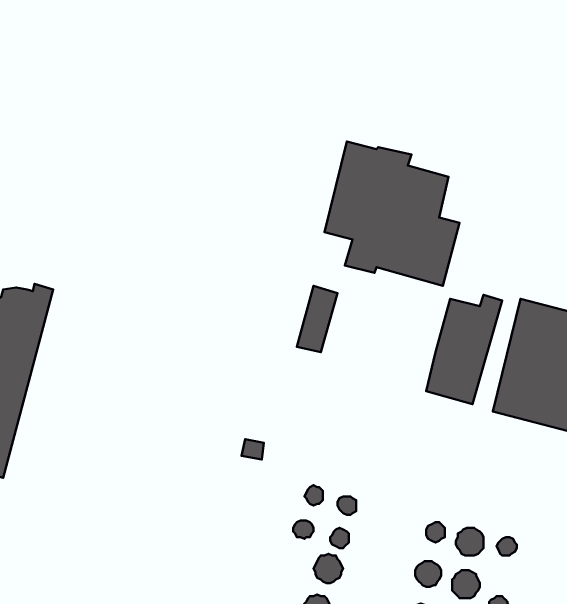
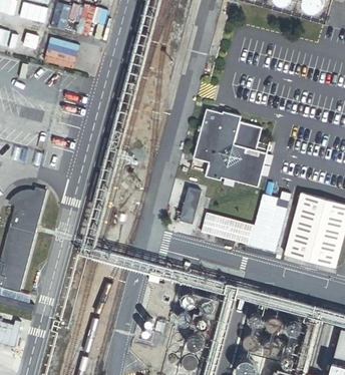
building: none -> [202,212,254,245]

